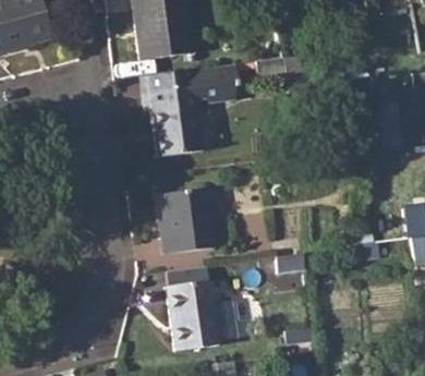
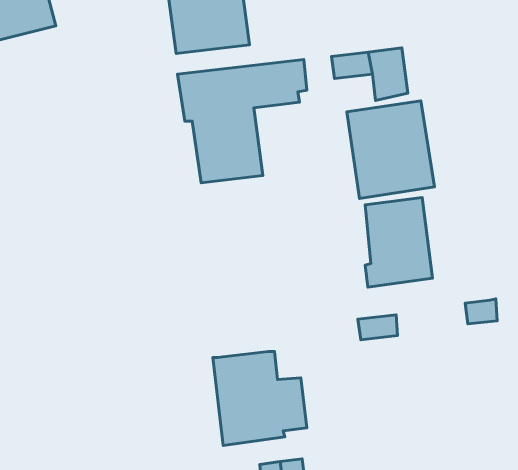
building: none -> [347,101,435,198]
building: [165,186,215,253] -> [365,198,432,287]

